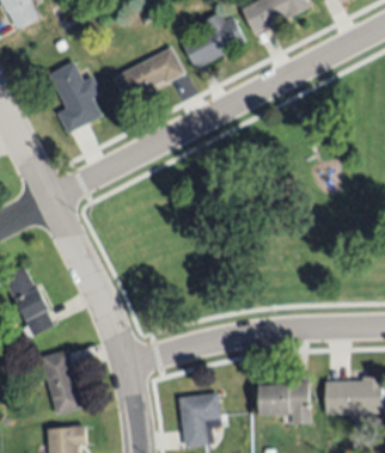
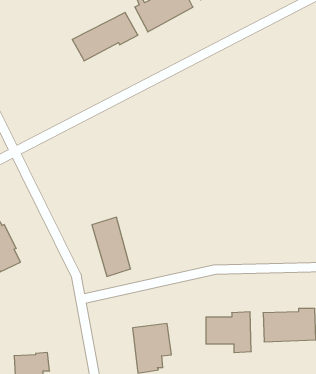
building: [48,61,100,134] -> none
building: [39,350,82,416] -> [92,217,131,276]

